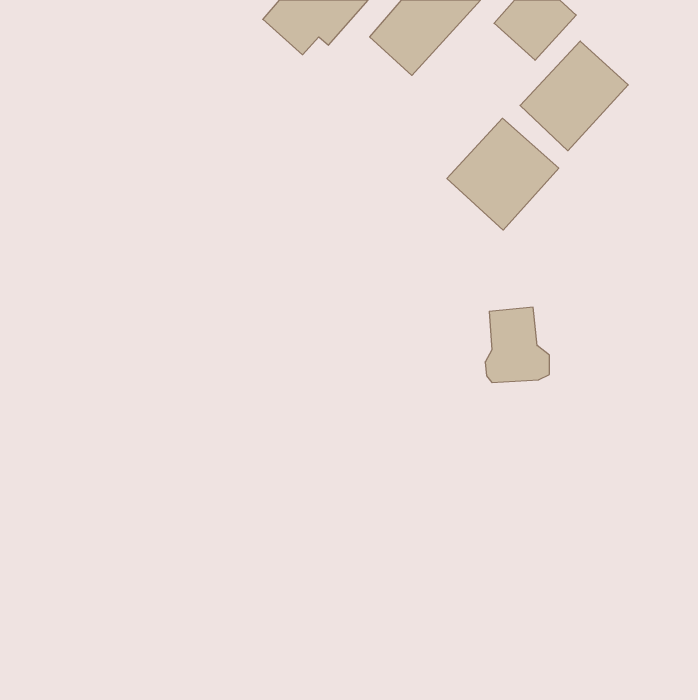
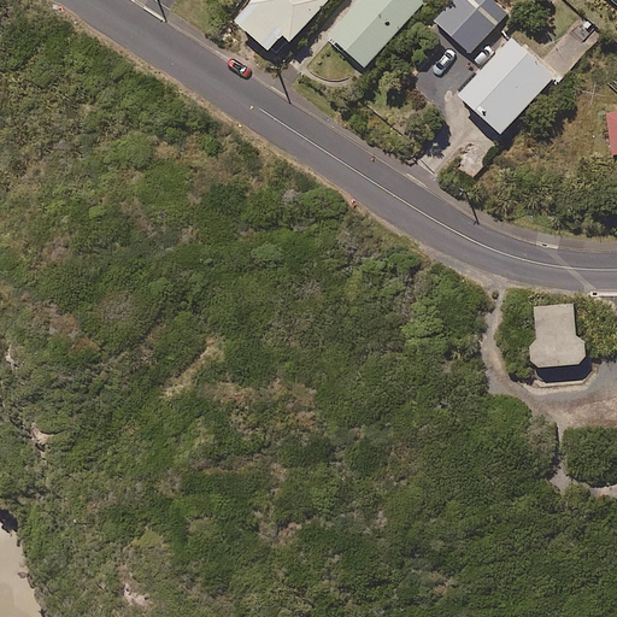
building: [447,118,559,230] -> none
building: [485,307,549,383] -> [530,299,587,365]

